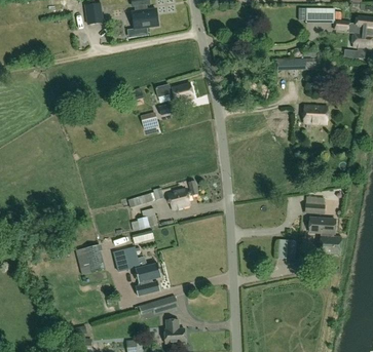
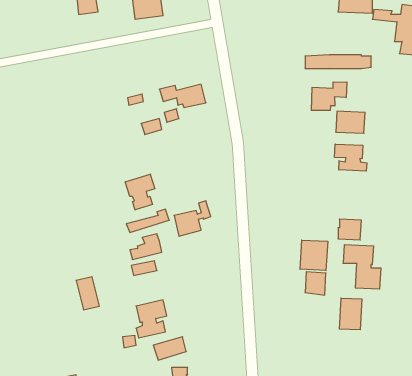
building: none -> [311,82,347,110]
building: none -> [335,144,367,171]
building: none -> [125,174,155,210]
building: none -> [300,240,328,271]
building: [115,248,140,271] -> none
building: none -> [339,298,362,330]

